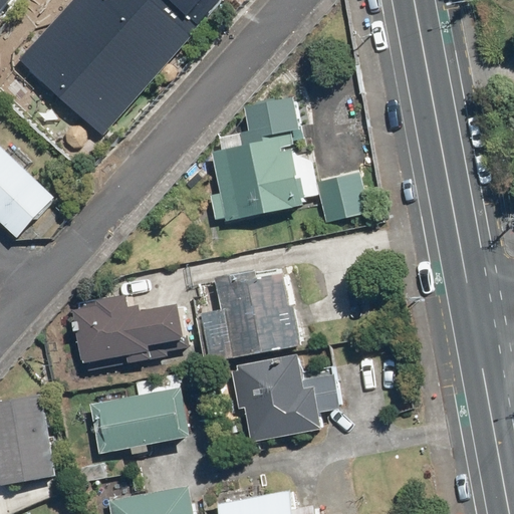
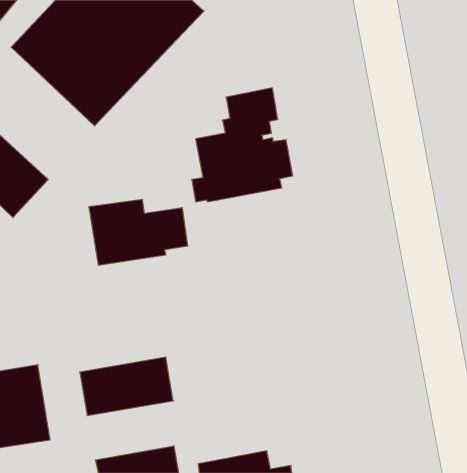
building: [317,173,369,222] -> none
building: [200,269,302,359] -> none
building: [67,297,175,368] -> [89,199,188,265]
building: [230,352,340,440] -> none

